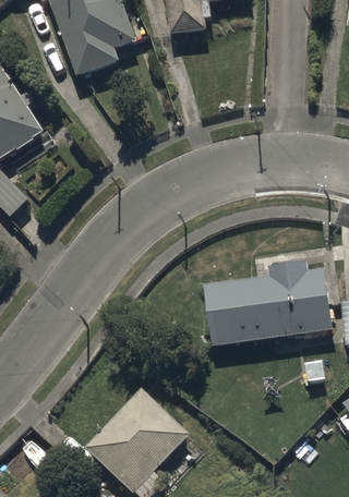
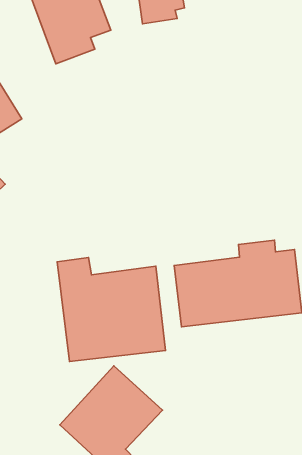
building: none -> [57,258,166,362]

